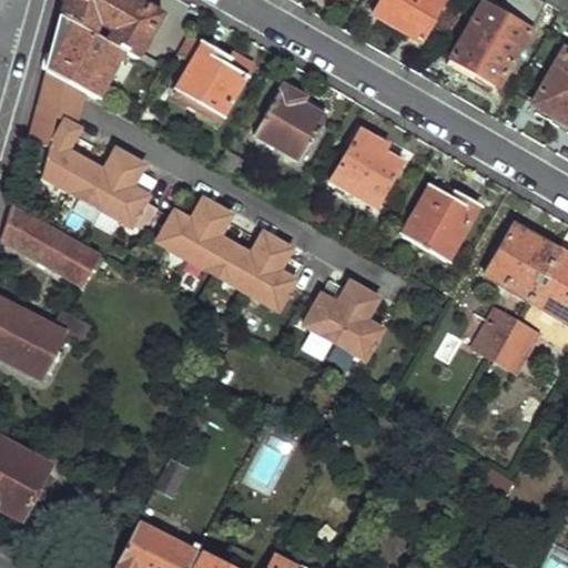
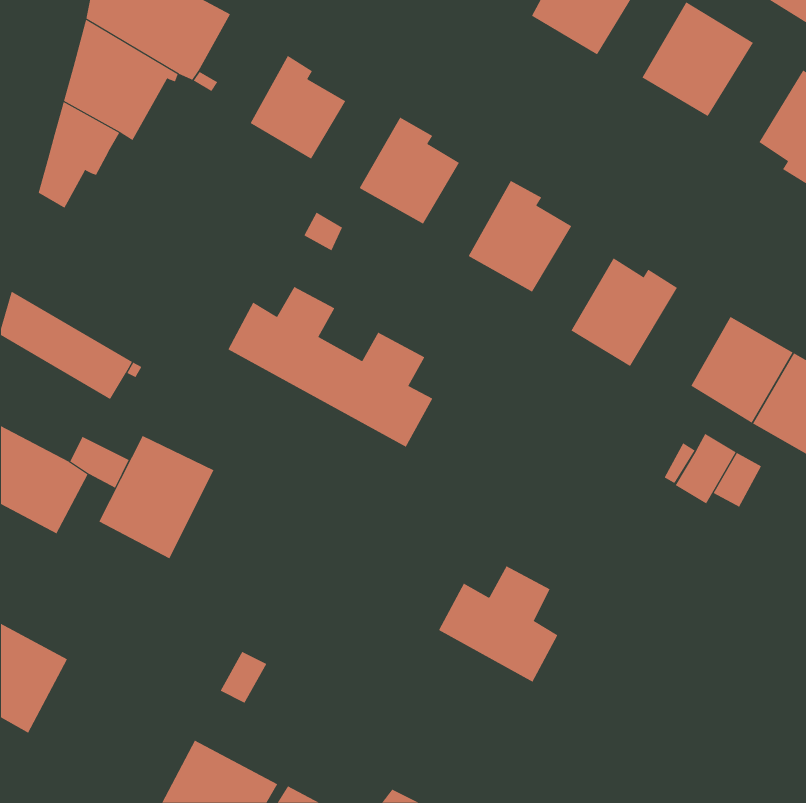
building: [47,122,153,231] -> none
building: [308,281,393,363] -> [438,565,558,682]
building: none -> [98,435,214,559]

